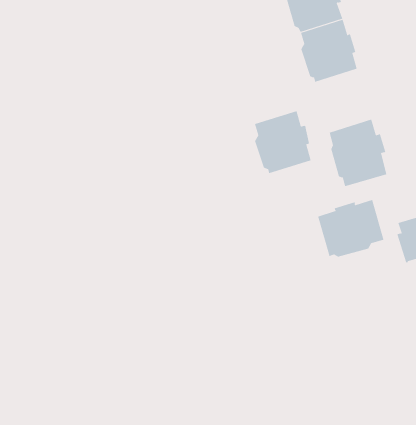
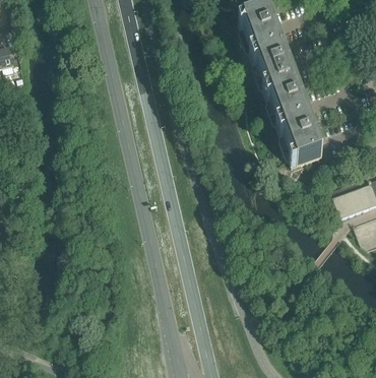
building: [254,110,311,174] -> [264,80,308,128]
building: [318,199,384,258] -> none

